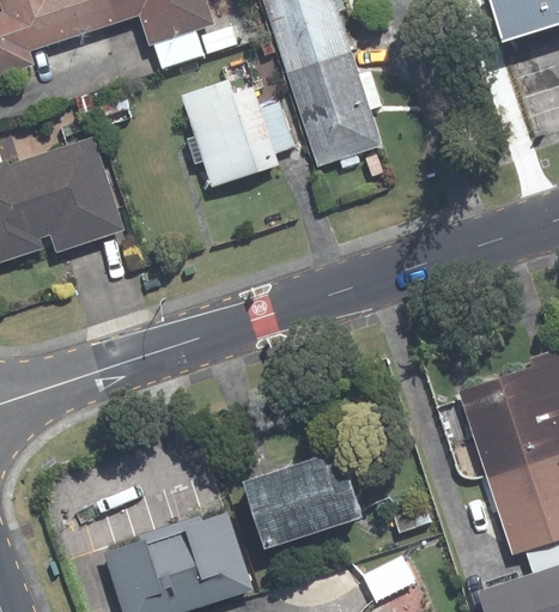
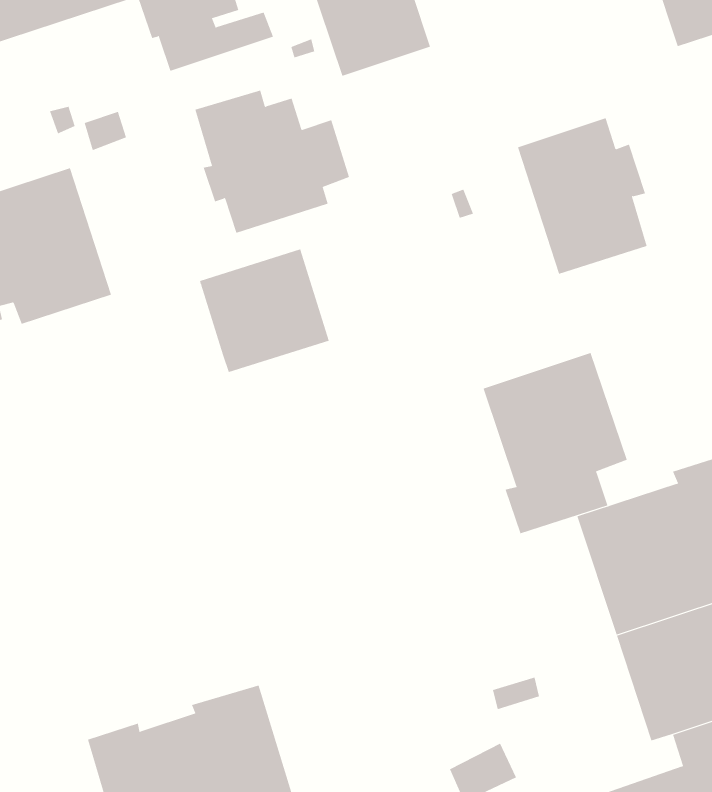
building: [287,50,382,164] -> [517,117,648,274]
building: none -> [199,249,330,373]
building: none -> [483,352,627,534]
building: [236,458,356,549] -> none

